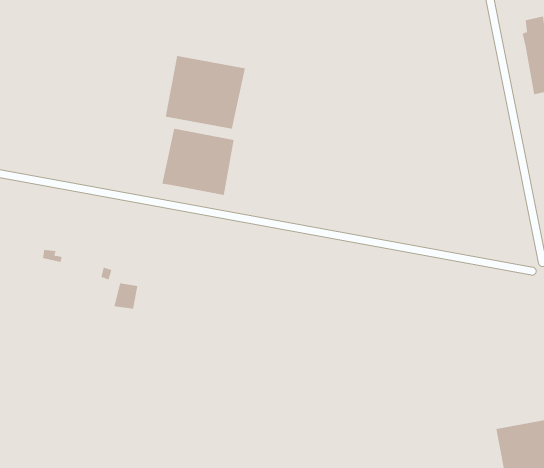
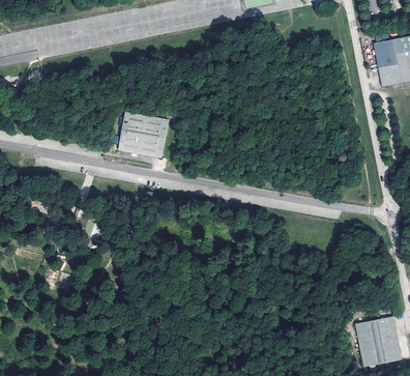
building: [165,55,245,130] -> none

